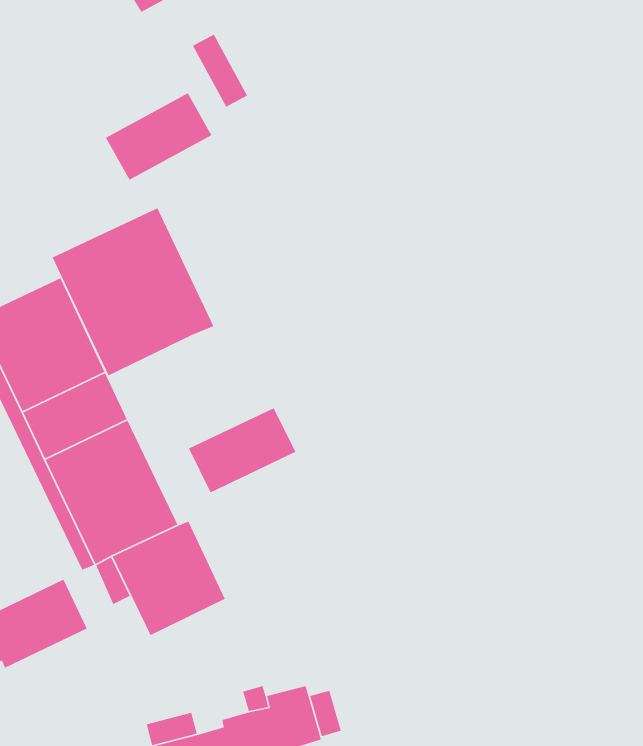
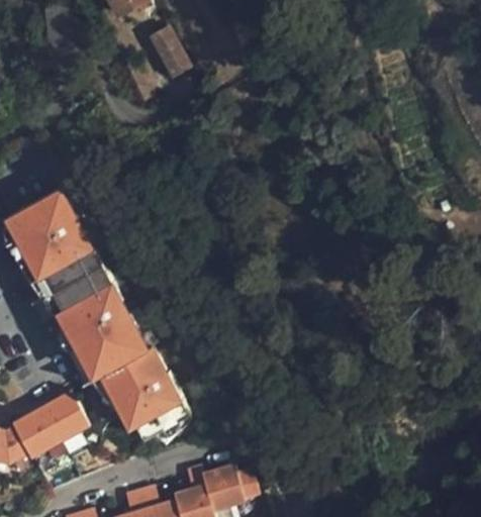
building: [105,92,213,181] -> none
building: [52,207,214,376] -> none
building: [188,407,297,493] -> none

